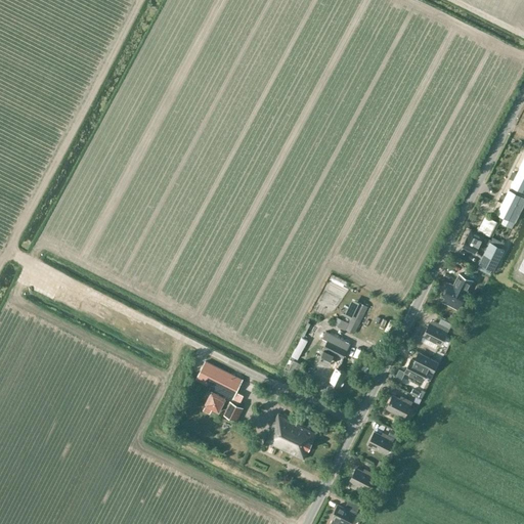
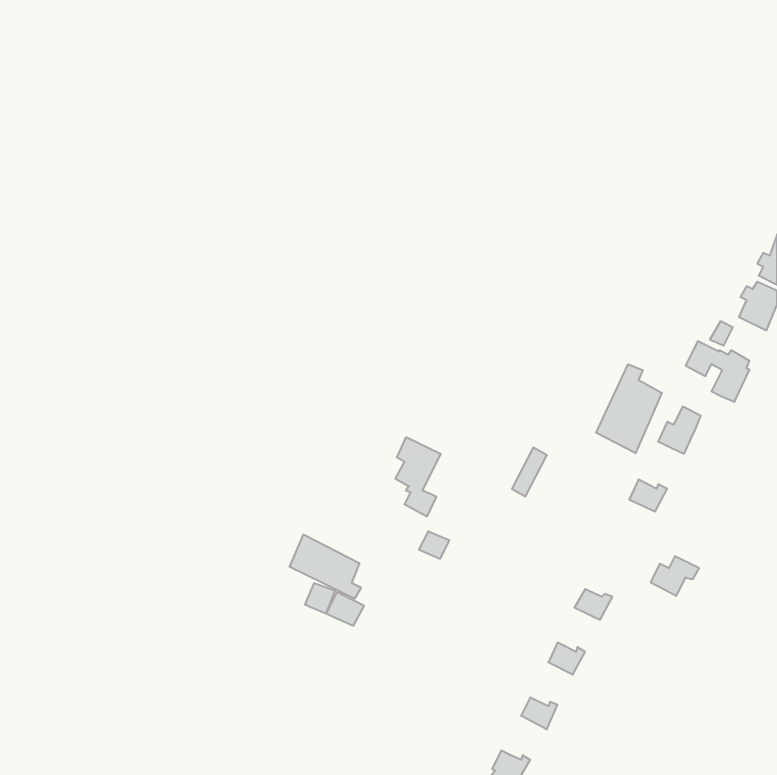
building: none -> [596,364,662,453]
building: [317,334,348,387] -> [395,437,441,516]
building: [404,356,437,383] -> [651,556,699,596]
building: [265,413,316,461] -> none

